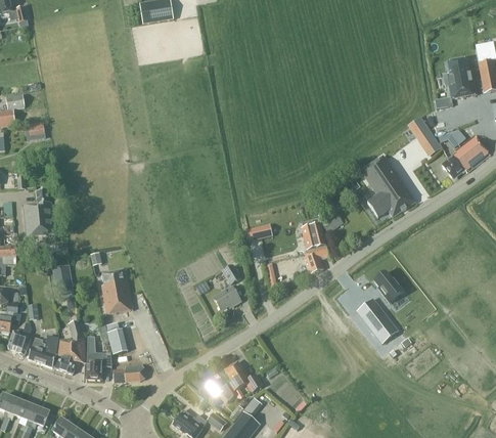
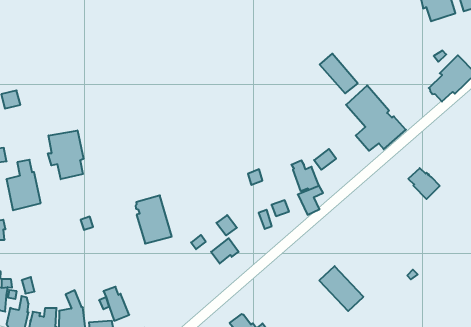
building: [408,115,443,155] -> [320,54,358,93]
building: none -> [48,130,83,179]
building: [51,265,73,293] -> none
building: [101,268,133,313] -> [136,195,172,244]
building: [373,271,403,302] -> [408,168,440,199]
building: [357,298,398,343] -> [319,266,363,311]

